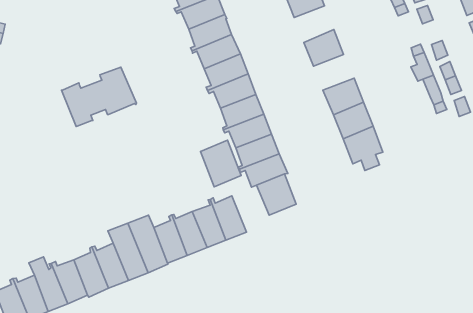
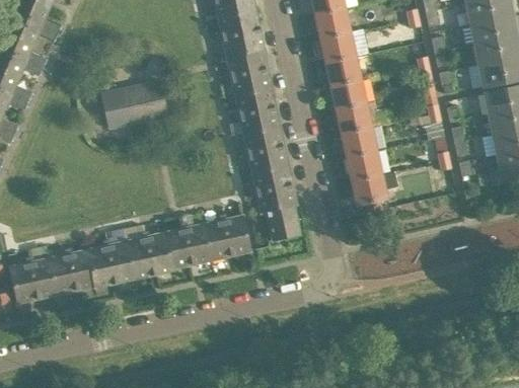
building: none -> [326,57,361,87]
building: none -> [337,104,372,134]
building: [201,140,241,187] -> none

